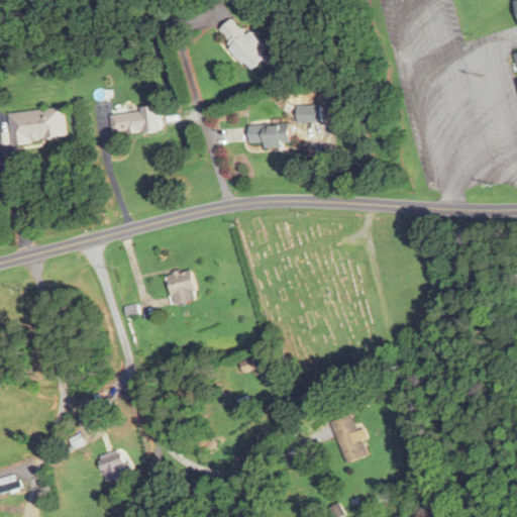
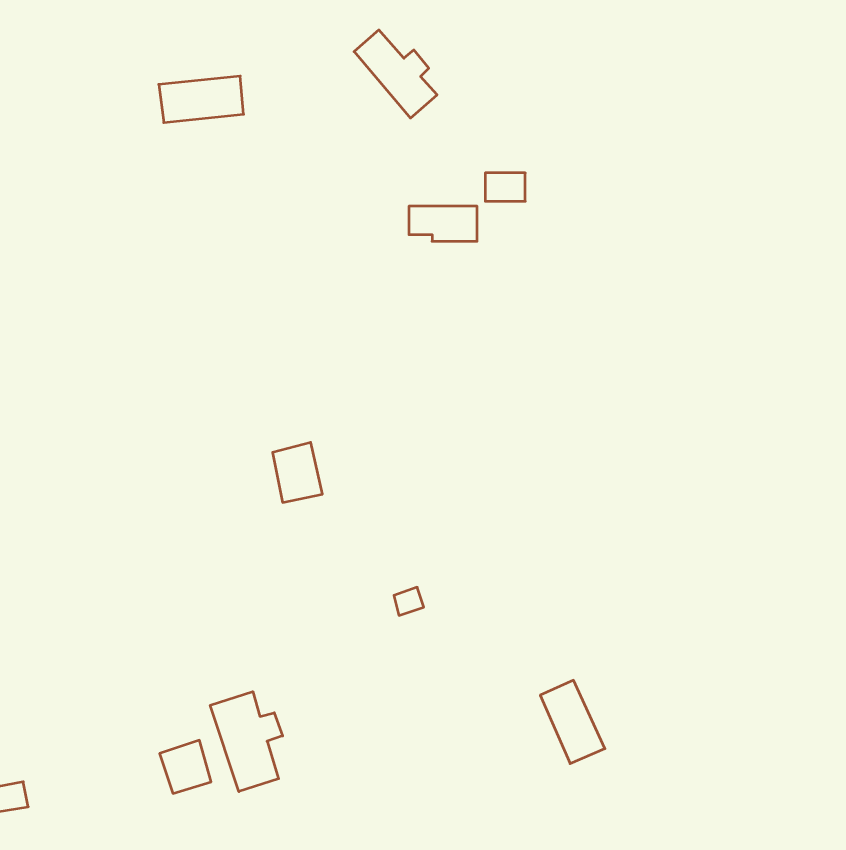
building: [7,107,64,144] -> none
building: [107,107,159,135] -> [159,76,244,123]
building: none -> [210,692,283,792]

